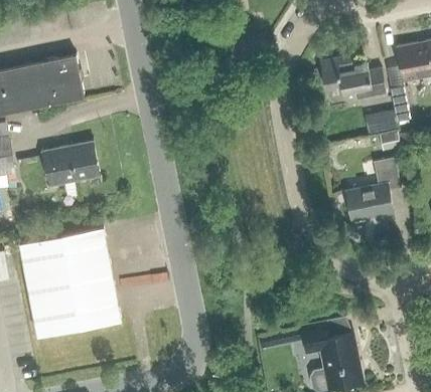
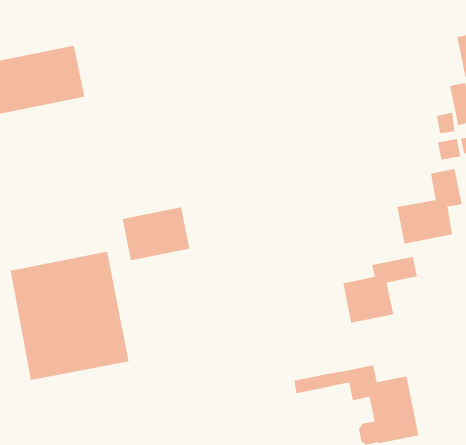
building: [318,56,387,105] -> none
building: [41,144,99,189] -> [122,207,190,261]
building: none -> [343,256,418,323]

